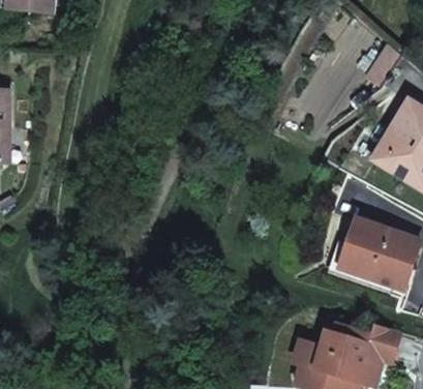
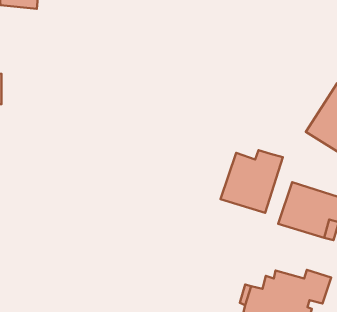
building: none -> [221,150,283,213]

